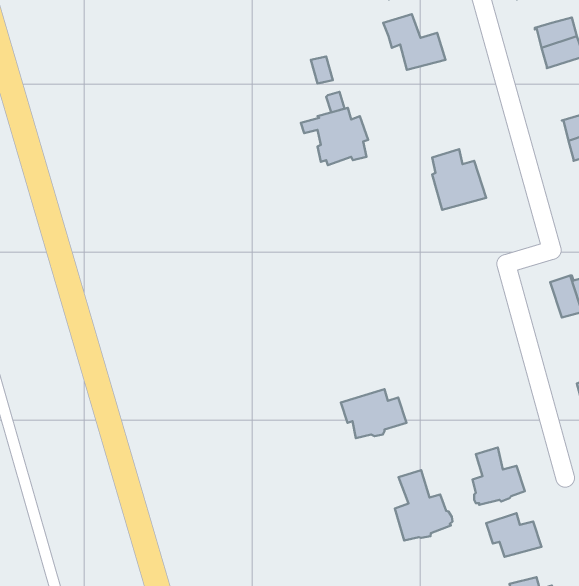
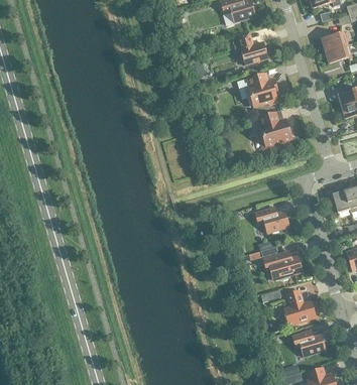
building: [301,108,368,165] -> [238,73,278,107]
building: none -> [255,206,289,232]
building: [341,389,406,438] -> [263,250,303,279]
building: [395,470,453,541] -> none

